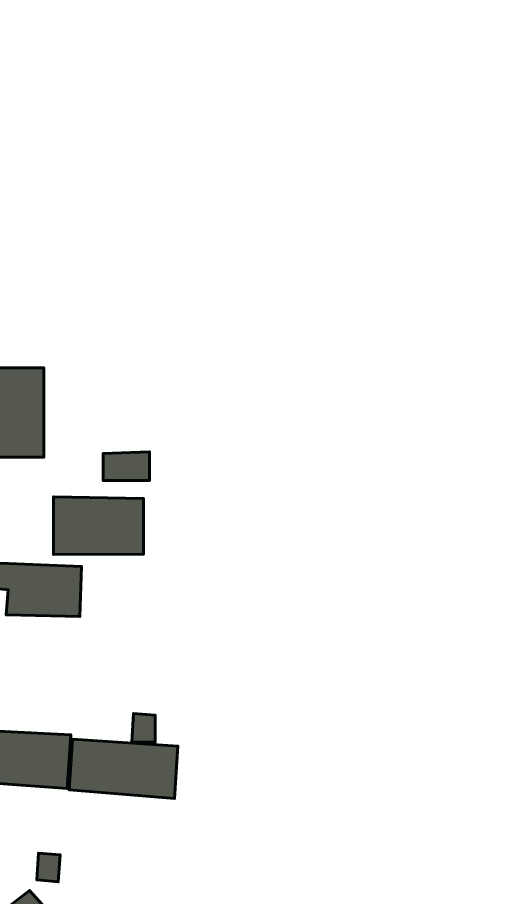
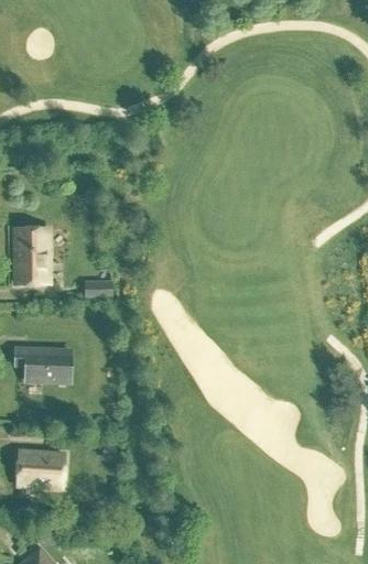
building: [53,497,143,555] -> none
building: [69,739,178,799] -> none

